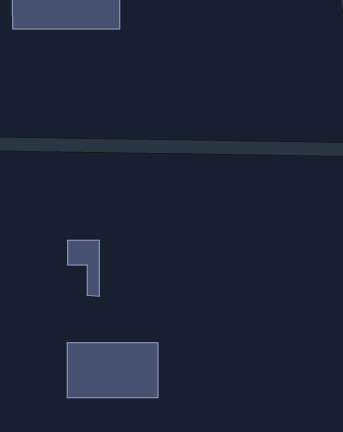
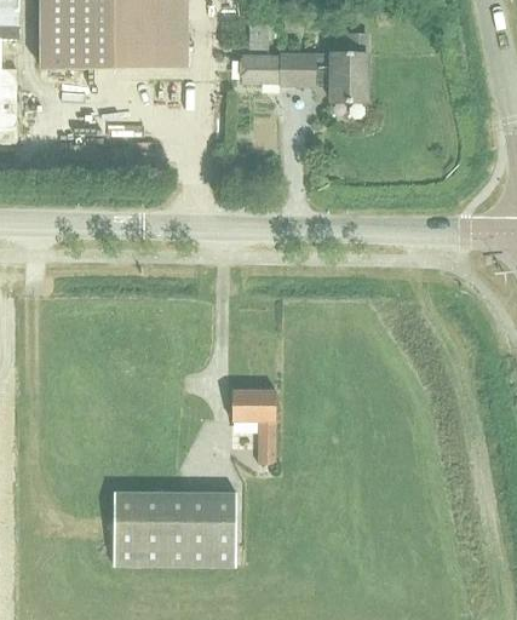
building: none -> [241,34,369,102]
building: [67,241,100,296] -> [232,390,276,465]

